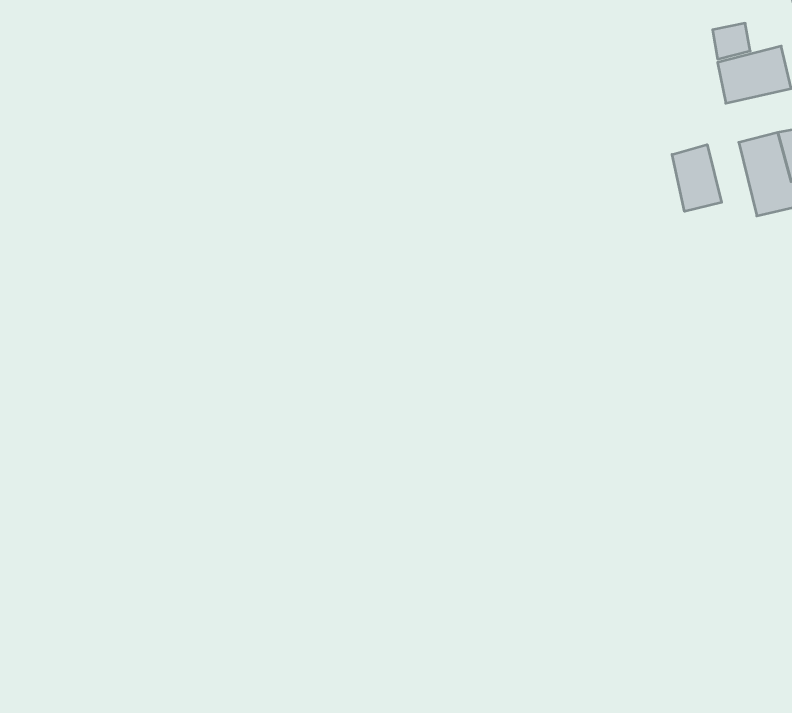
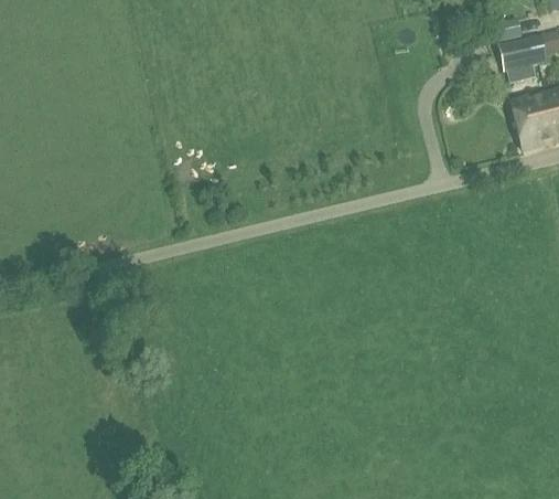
building: [672,145,722,211] -> none

